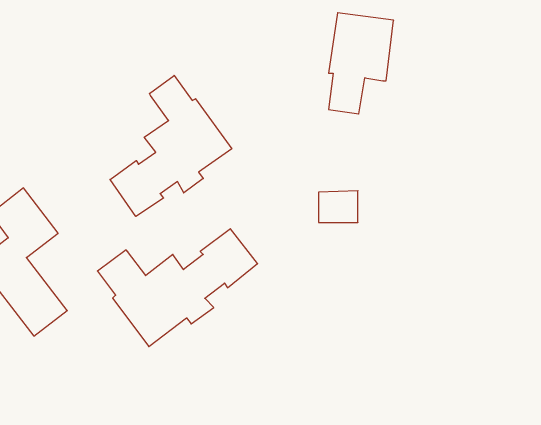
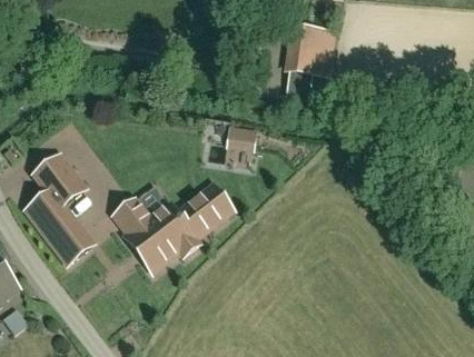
building: [110,75,232,216] -> none
building: [319,191,358,222] -> [233,127,261,150]

